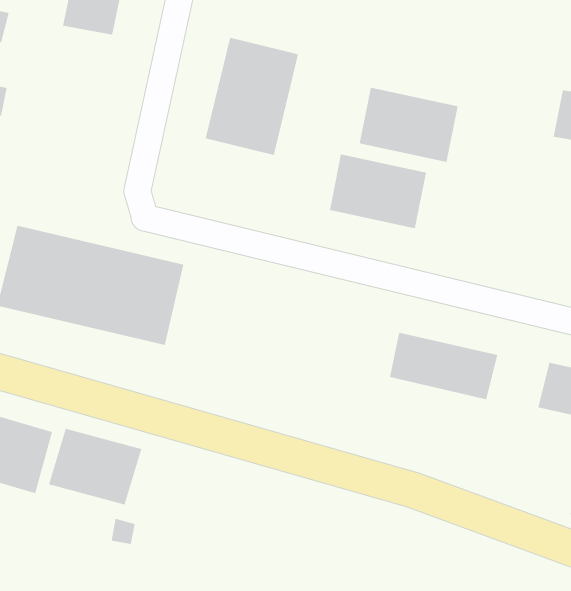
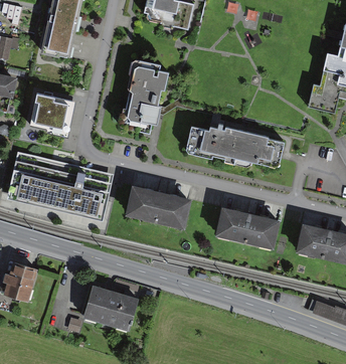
building: [359,87,458,162] -> [231,127,285,167]
building: none -> [30,93,71,131]
building: none -> [127,190,186,227]
building: [48,428,142,505] -> [83,288,134,329]

